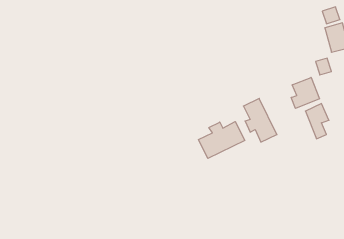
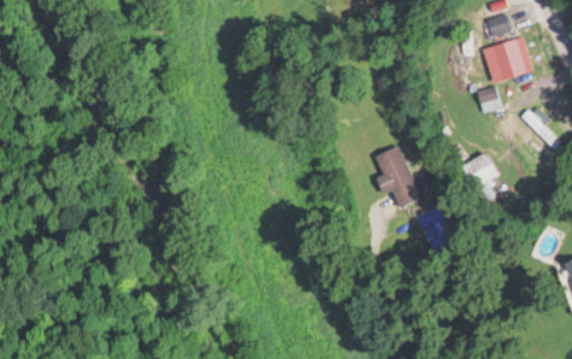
building: [291,77,319,108] -> none
building: [199,122,245,158] -> none

